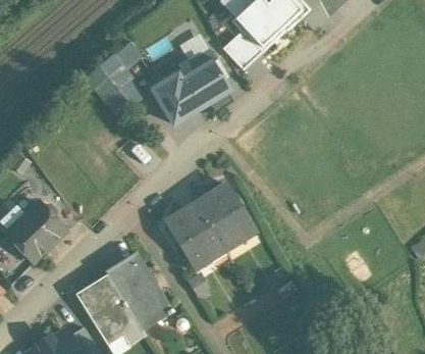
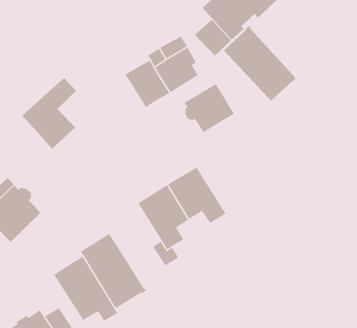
building: none -> [223,25,297,102]
building: [89,40,146,114] -> [21,77,77,149]
building: none -> [183,83,235,133]

